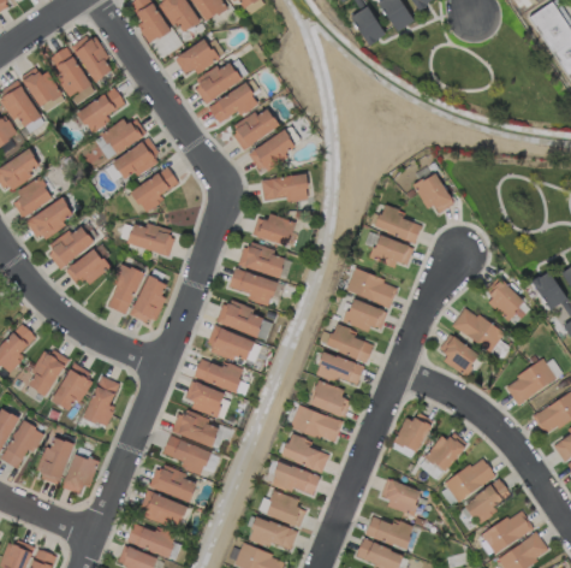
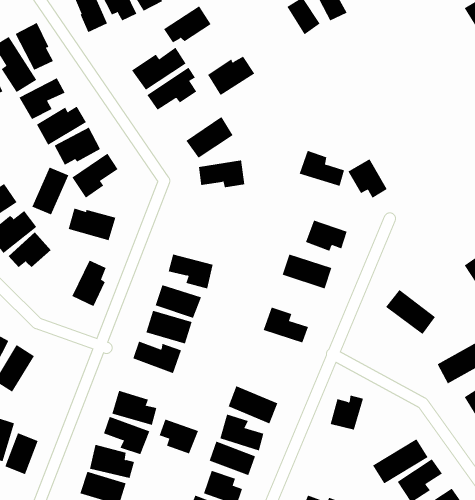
building: [176,35,225,73] -> [163,6,211,43]
building: [231,108,280,149] -> [207,56,255,96]
building: [375,205,422,242] -> [299,150,345,187]
building: [252,214,298,248] -> none
building: [239,242,286,279] -> none
building: [106,265,144,314] -> [31,167,69,215]
building: [486,282,530,320] -> none
building: [345,300,387,330] -> none
building: [436,333,480,374] -> none
building: [316,351,364,386] -> none
building: [84,375,120,427] -> none
building: [185,380,226,416] -> [159,419,199,454]
building: [310,380,351,418] -> none
building: [420,428,468,480] -> none
building: [381,479,421,514] -> none

